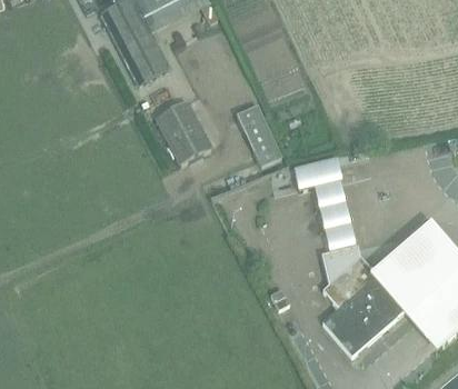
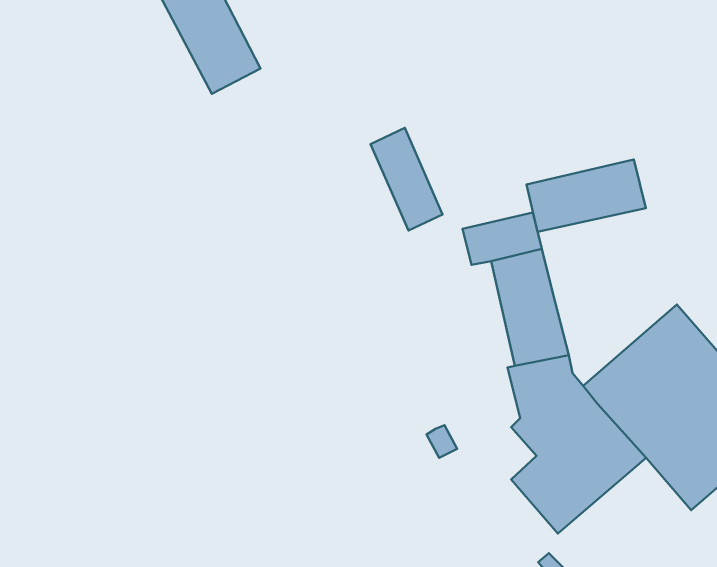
building: [157,101,211,164] -> none
building: none -> [527,159,646,232]

